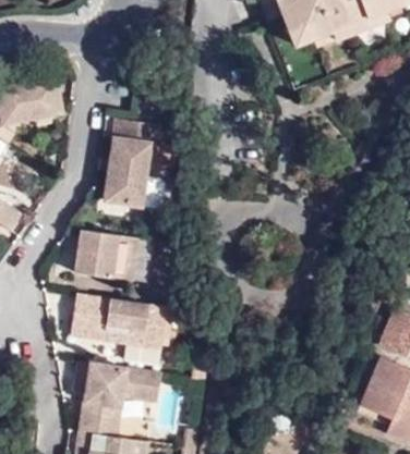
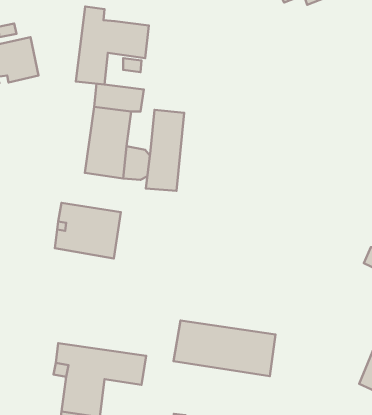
building: none -> [76,6,149,85]
building: none -> [146,110,184,191]
building: [72,297,168,349] -> [174,321,275,376]

